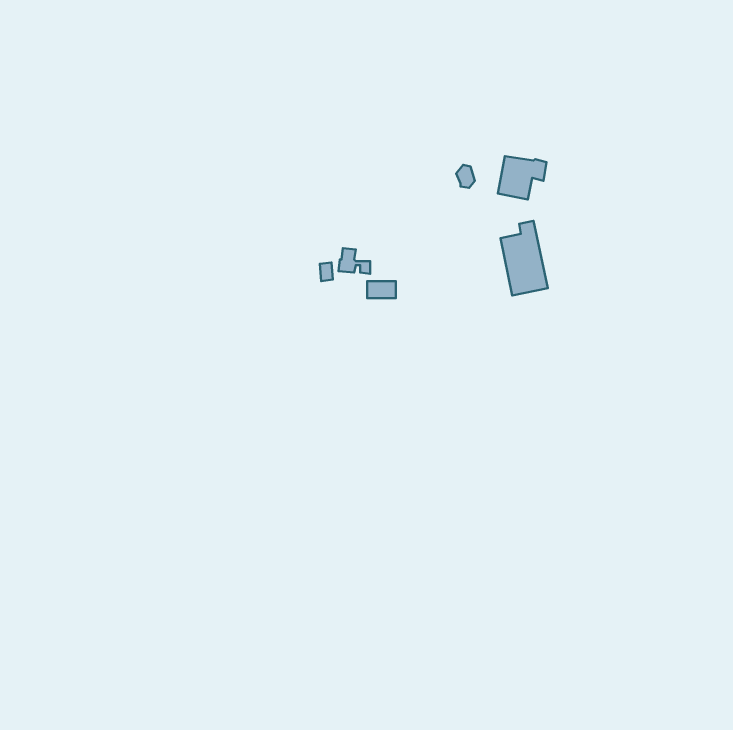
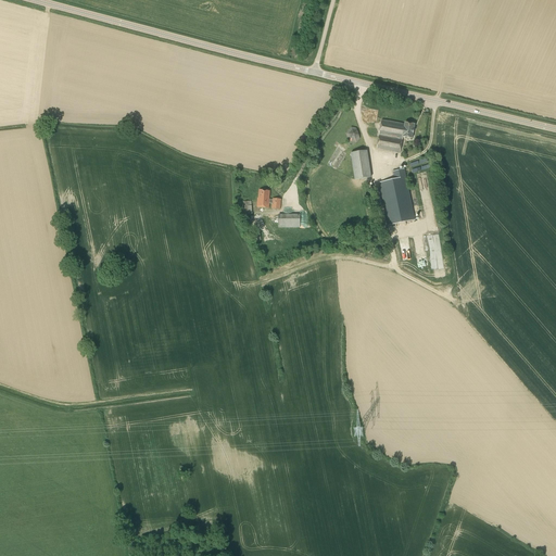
building: none -> [351,149,371,178]

